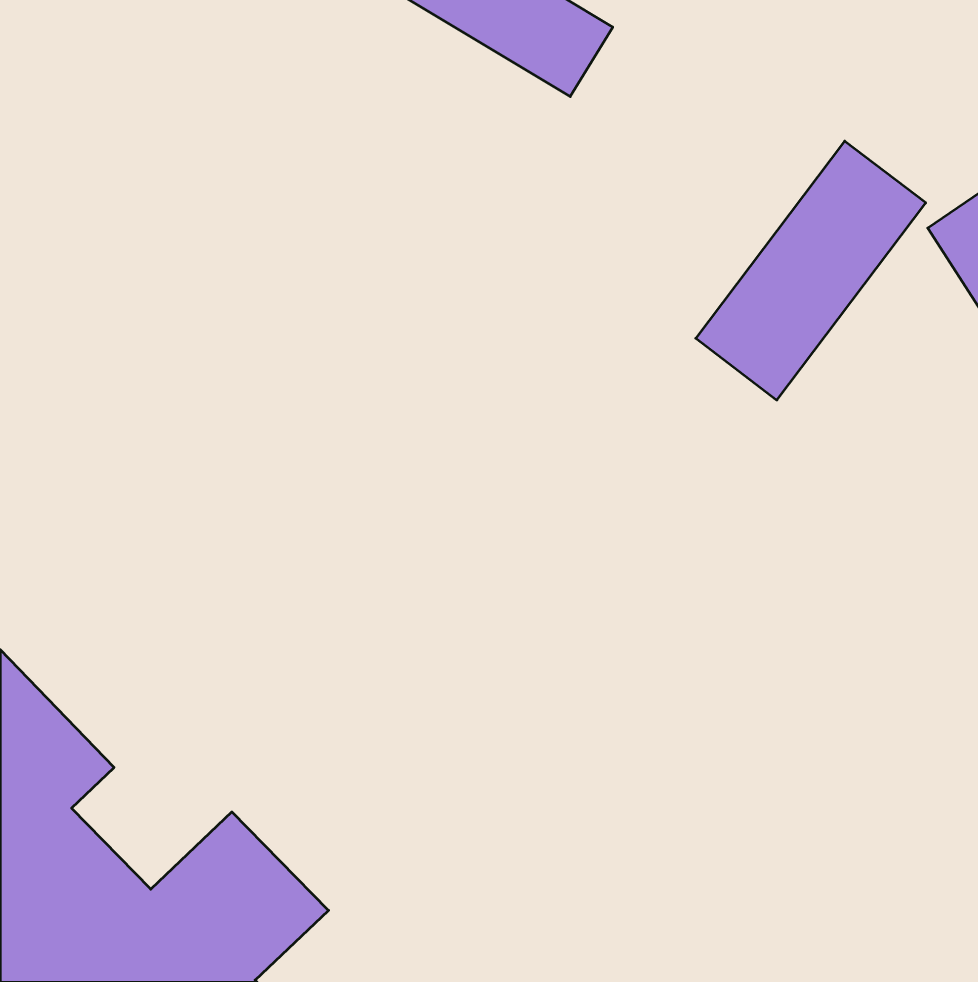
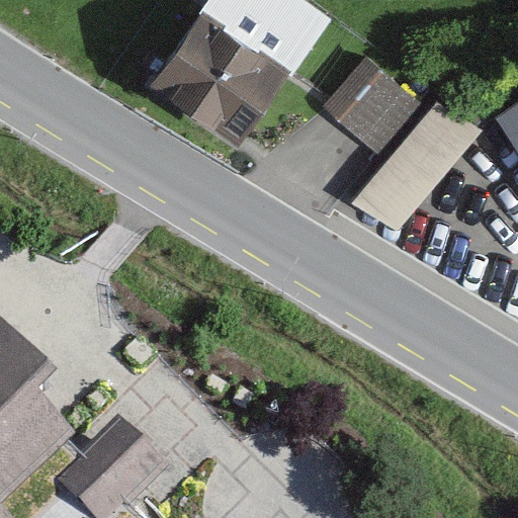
building: none -> [145,7,283,141]
building: none -> [332,62,421,149]

